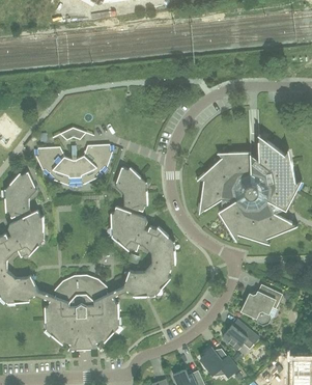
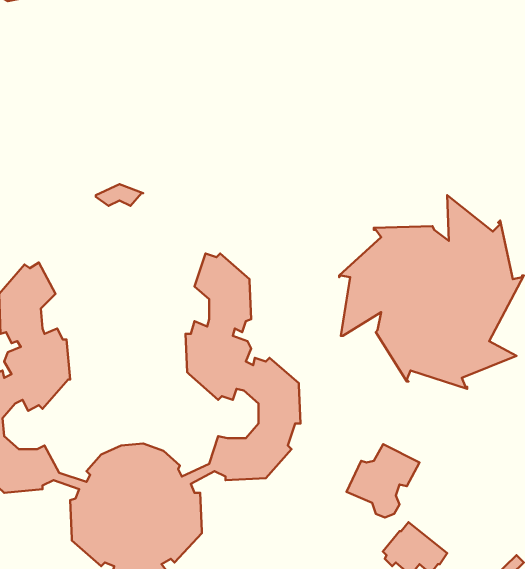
building: [35,144,112,186] -> none
building: [240,284,282,326] -> [346,444,420,517]

